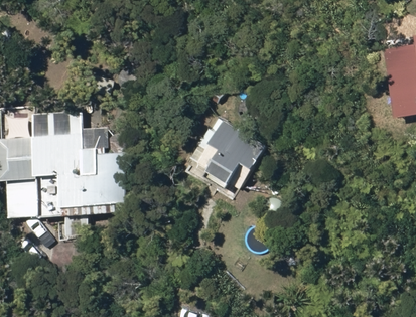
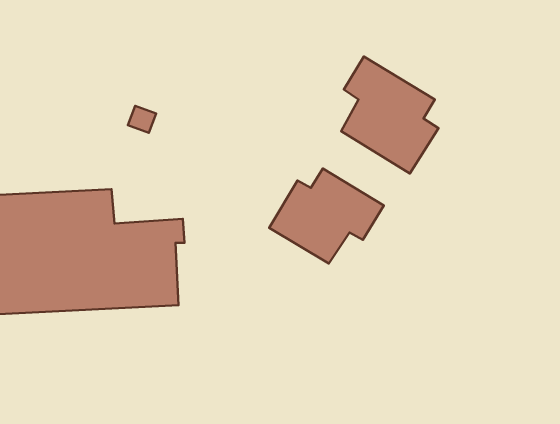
building: none -> [341,57,438,174]

